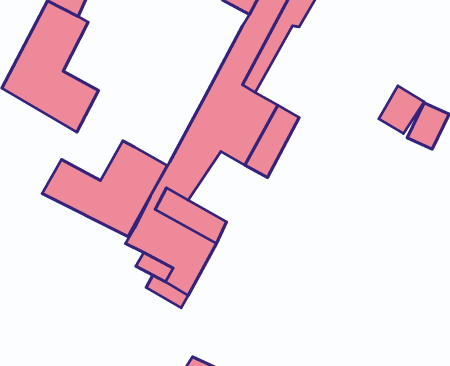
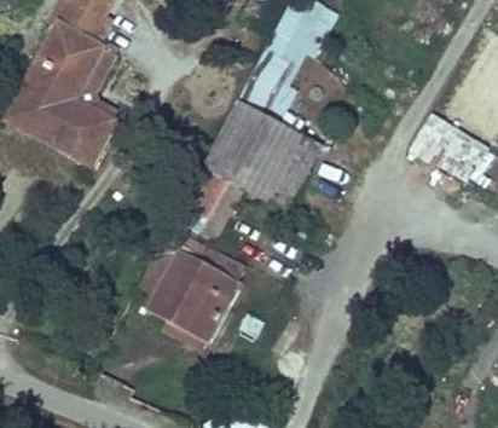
building: [42,141,167,237] -> none

